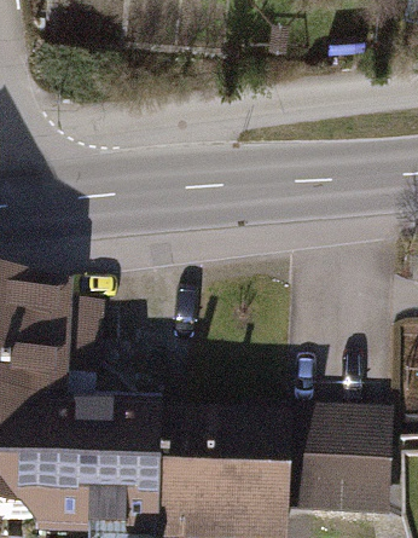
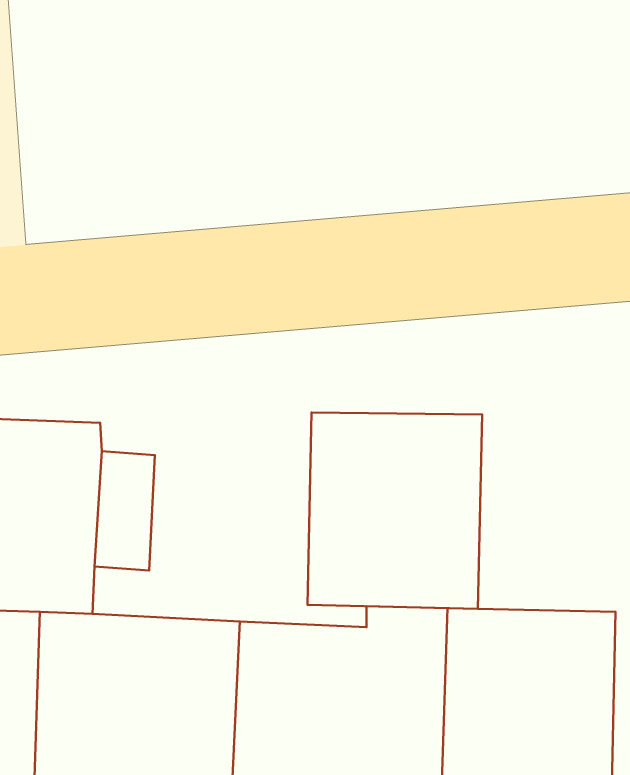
building: none -> [307,413,482,609]

